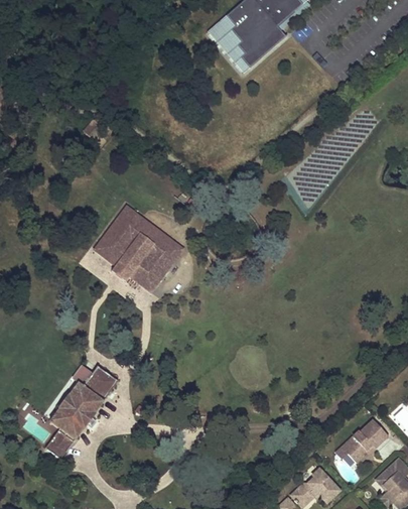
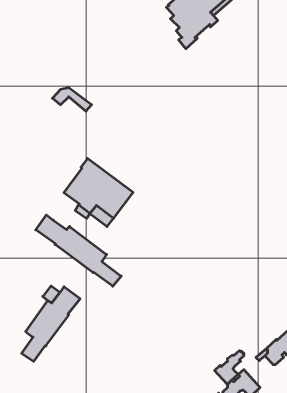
building: [208,18,248,73] -> none
building: none -> [36,215,121,286]
building: none -> [215,351,244,384]

